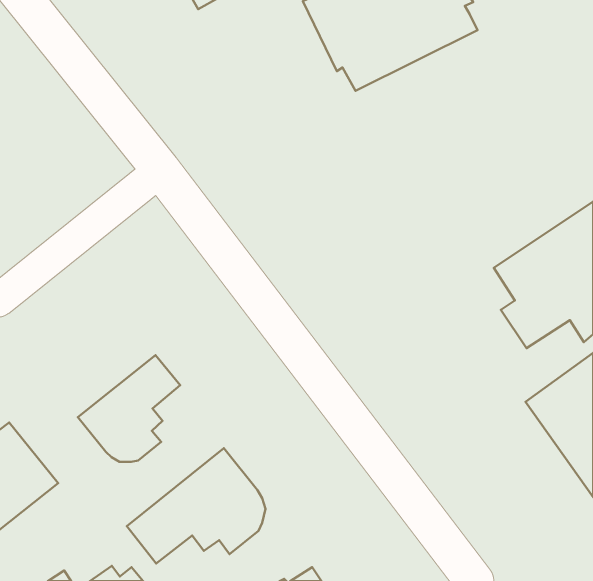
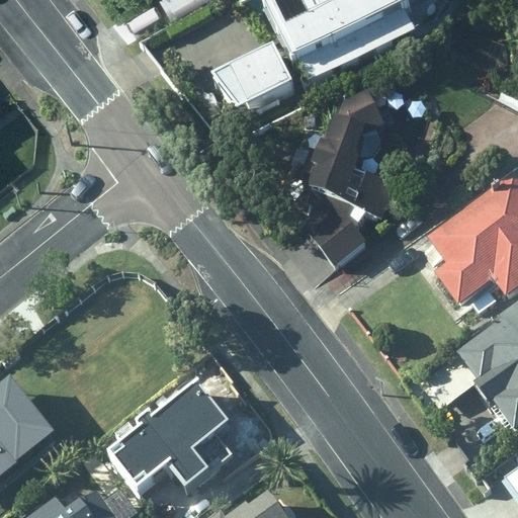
building: none -> [212,44,293,109]
building: none -> [303,87,394,264]
building: [78,355,180,462] -> none

